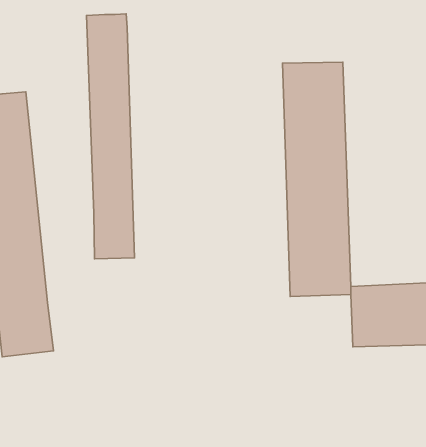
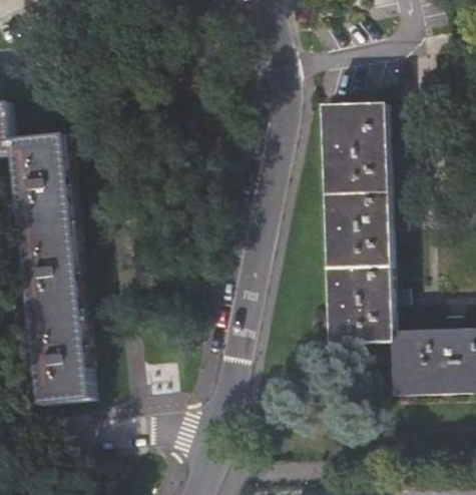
building: [86,14,135,259] -> none

